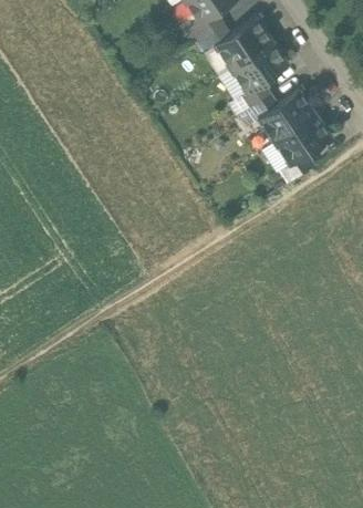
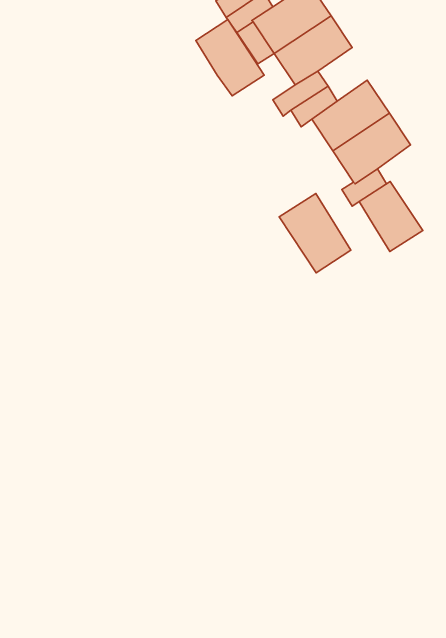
building: none -> [196,20,264,96]
building: none -> [359,181,423,252]
building: none -> [279,193,351,273]

